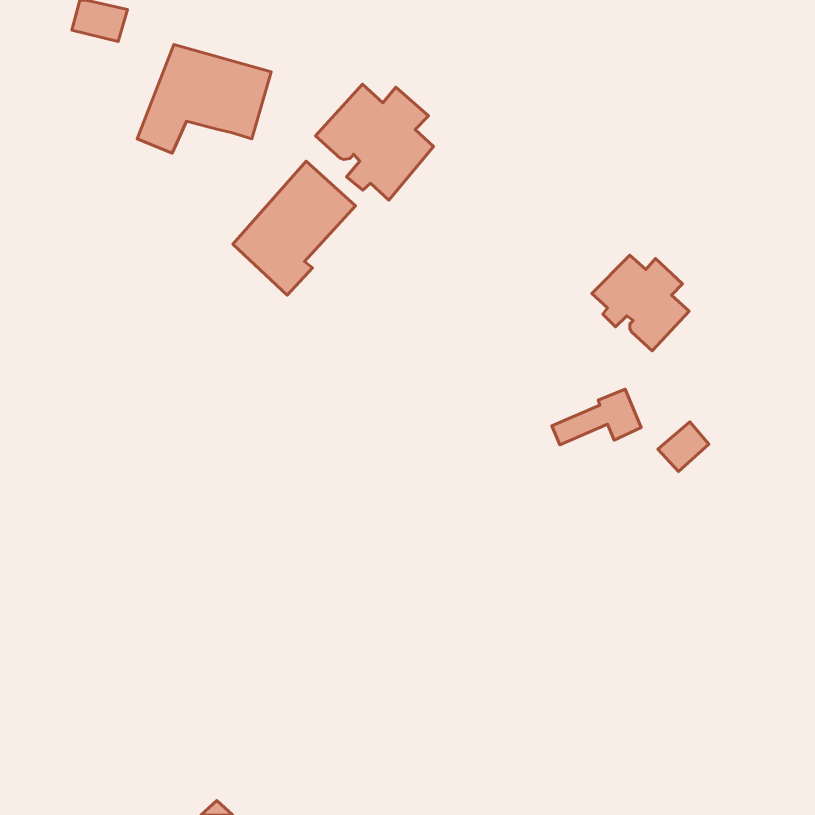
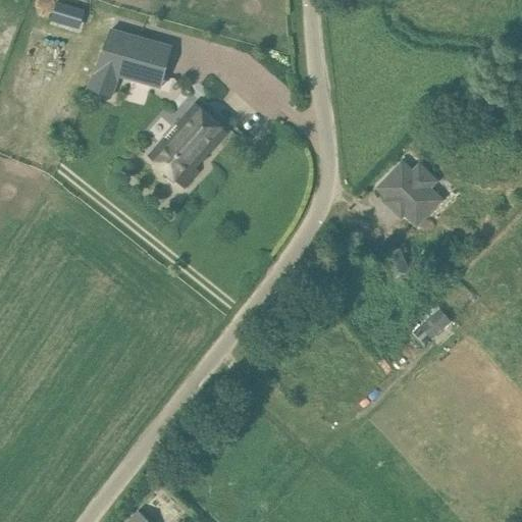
building: [316,84,434,200] -> none
building: [658,422,709,471] -> [419,309,452,341]

